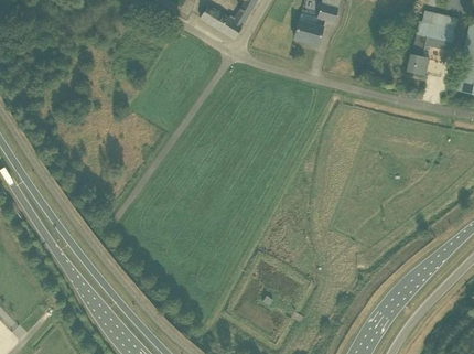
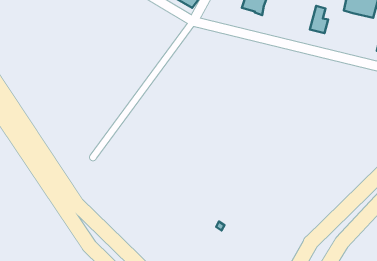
building: [407,41,429,74] -> [310,6,328,33]

